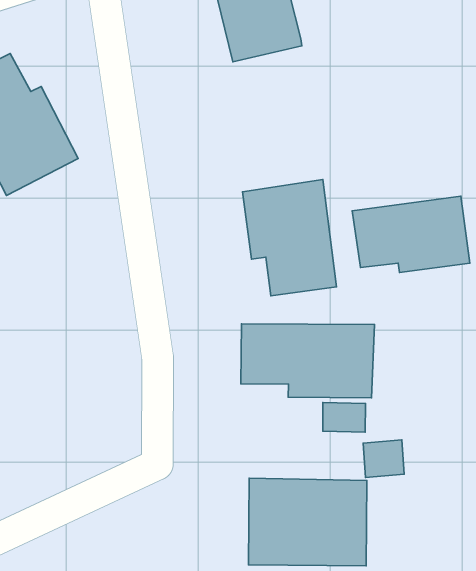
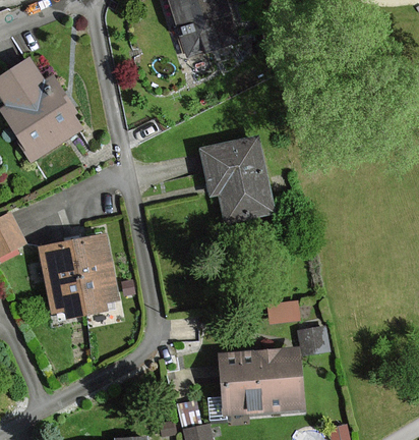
building: [352,196,470,273] -> none
building: none -> [41,235,115,317]
building: [241,324,374,398] -> none

